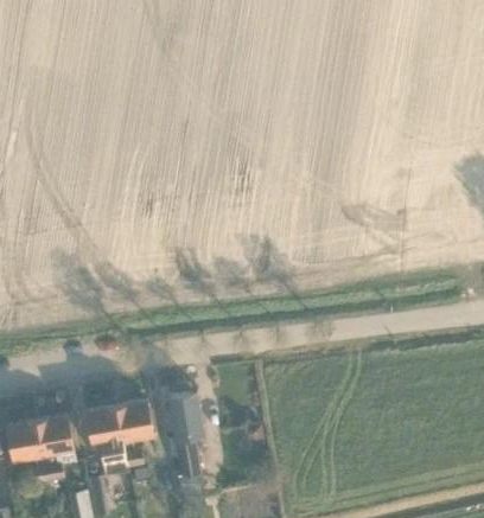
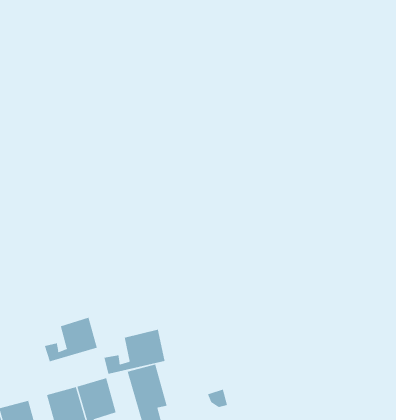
building: none -> [44,317,97,364]
building: none -> [102,329,165,376]

